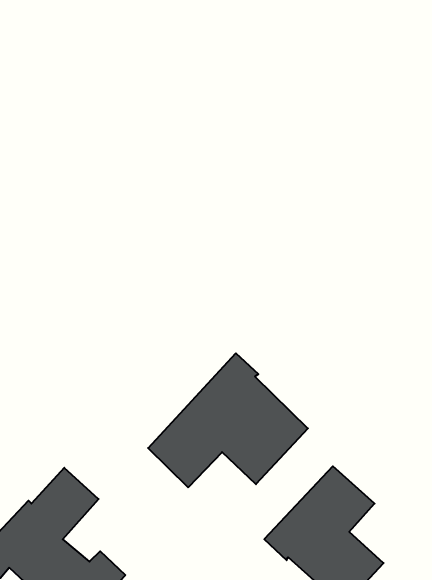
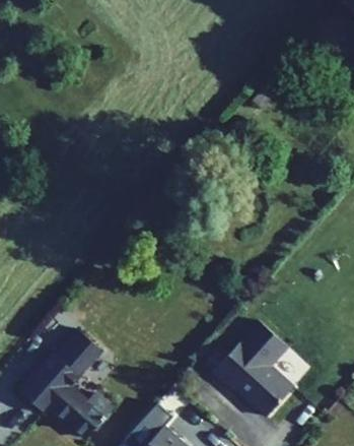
building: [148,353,308,487] -> none

